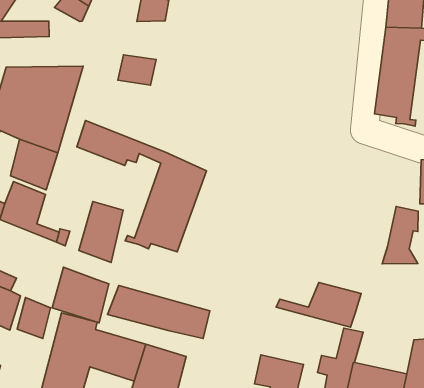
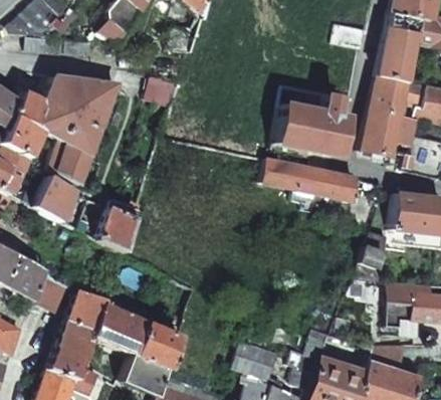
building: none -> [274,84,344,156]
building: [77,121,206,252] -> none
building: none -> [261,157,358,202]
building: [52,267,109,323] -> none
building: [276,283,361,327] -> none
building: [108,285,210,338] -> none

